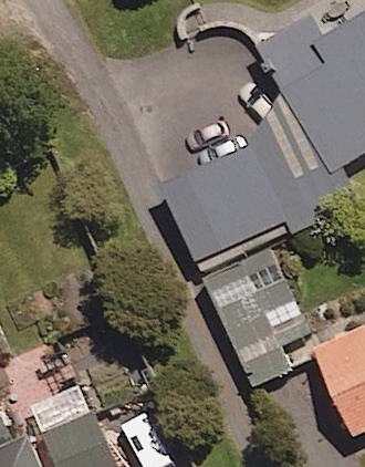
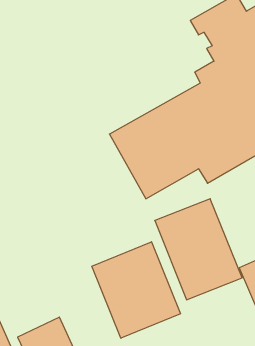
building: none -> [92,242,180,338]

